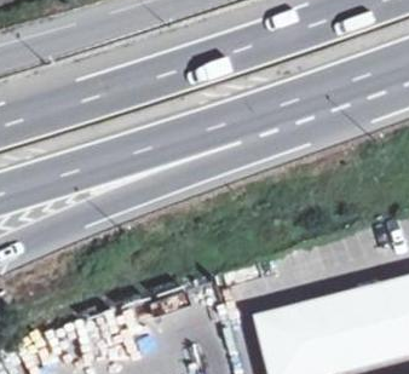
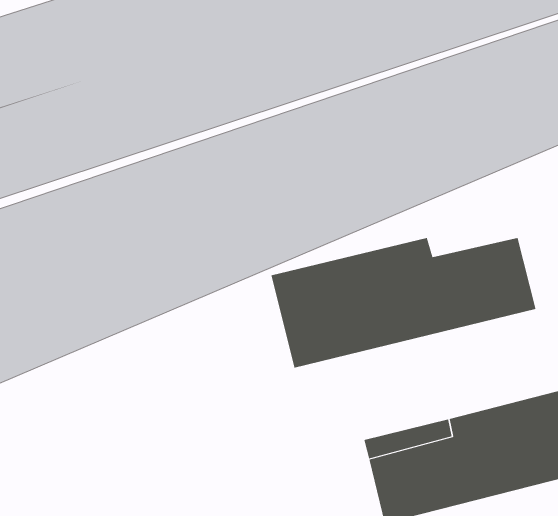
building: none -> [271,237,536,369]

